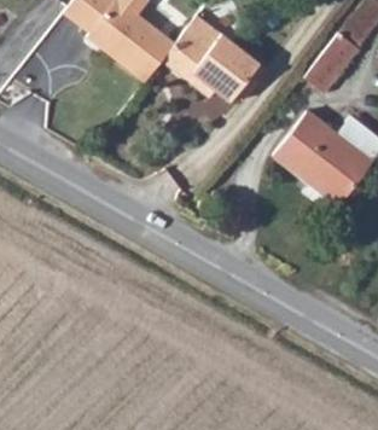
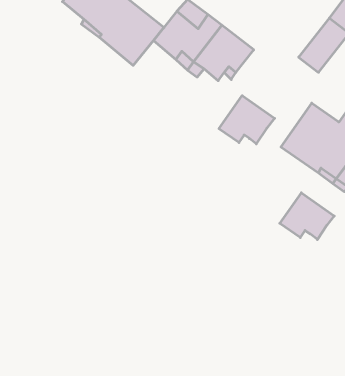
building: none -> [219,96,275,144]
building: none -> [280,193,334,240]

